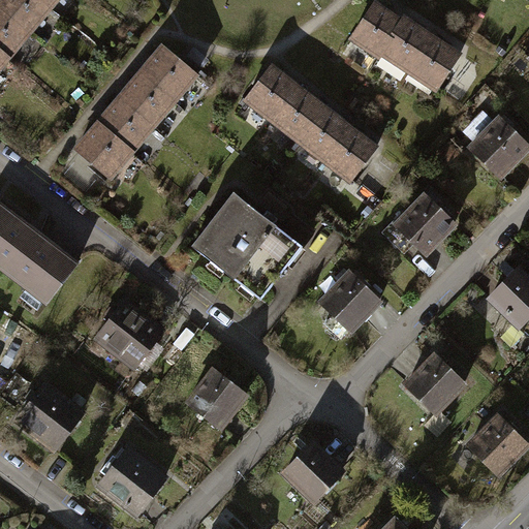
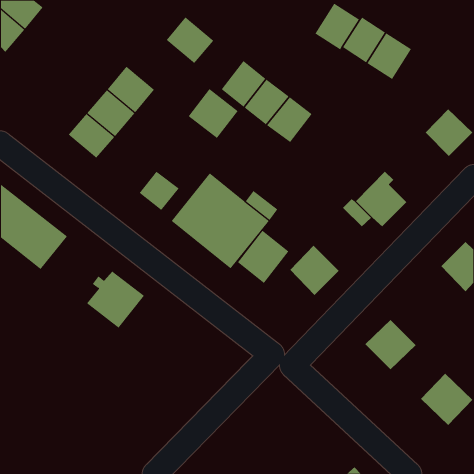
building: [141,48,194,100] -> [166,17,214,64]
building: none -> [188,88,239,139]
building: [323,127,375,181] -> none
building: none -> [139,171,179,211]
building: none -> [237,230,289,284]
building: [189,368,246,426] -> none
building: [17,383,82,448] -> none
building: [284,443,341,499] -> none
building: [98,447,162,511] -> none

